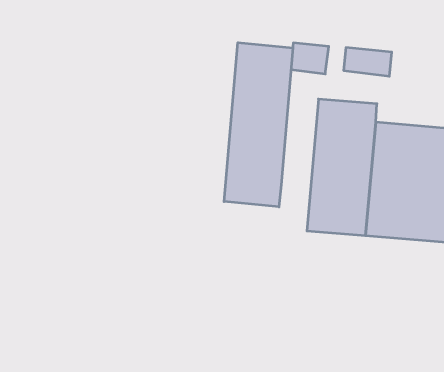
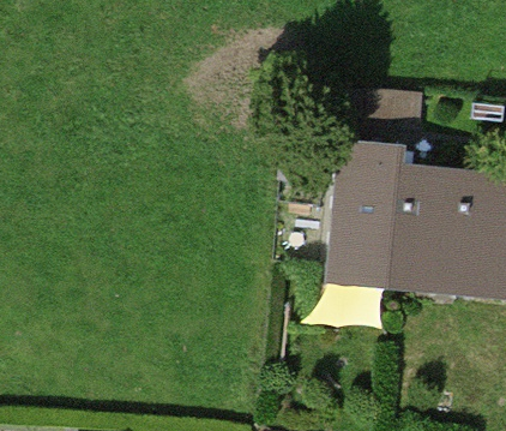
building: [224,43,293,207] -> none

